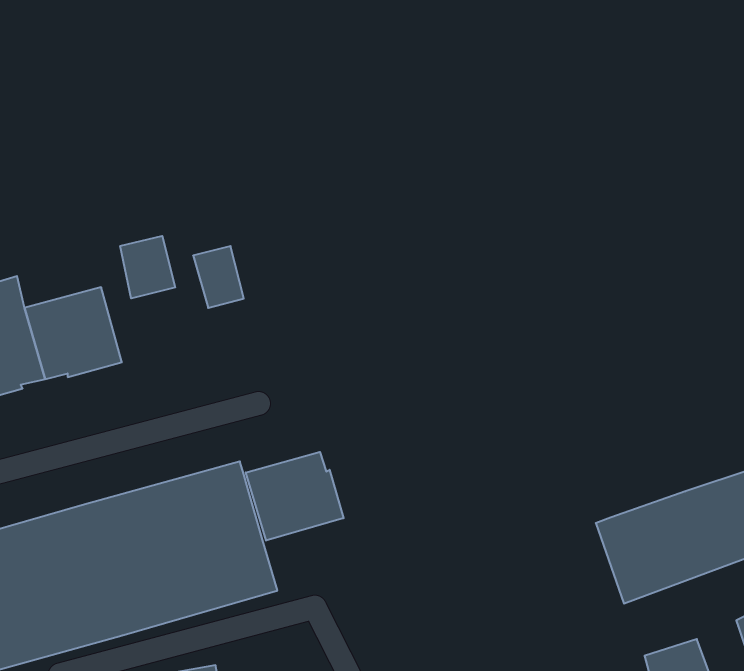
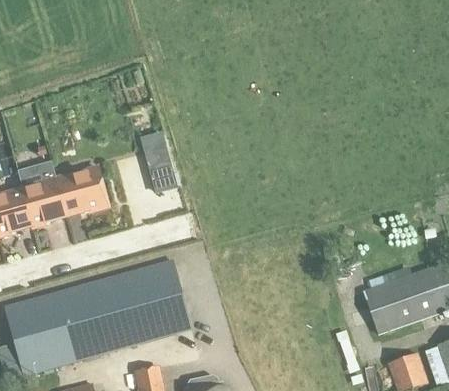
building: [120,236,175,298] -> none
building: [246,452,344,541] -> none

